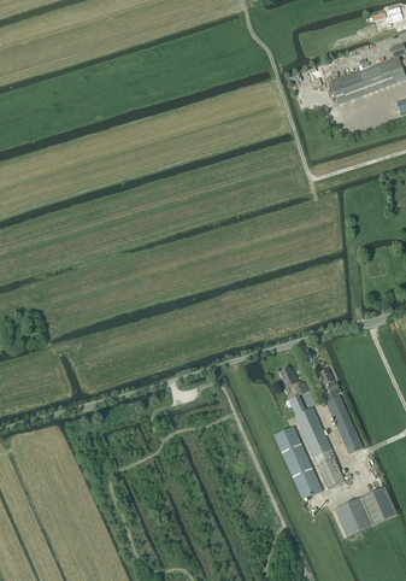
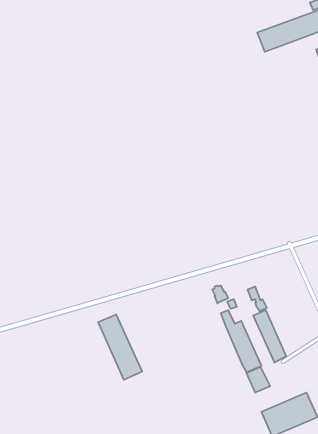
building: [273,426,323,499] -> [98,315,142,380]

